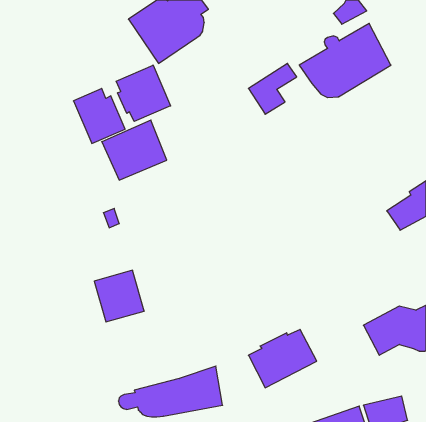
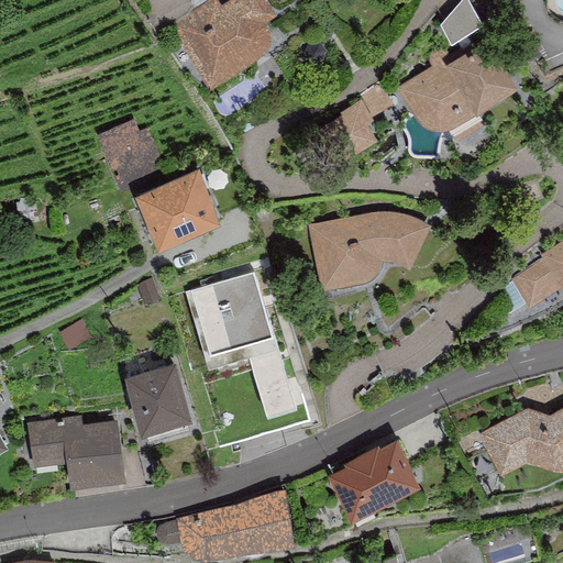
building: [116,65,171,121] -> none
building: none -> [306,213,429,292]
building: none -> [186,271,296,416]
building: none -> [26,418,125,488]

